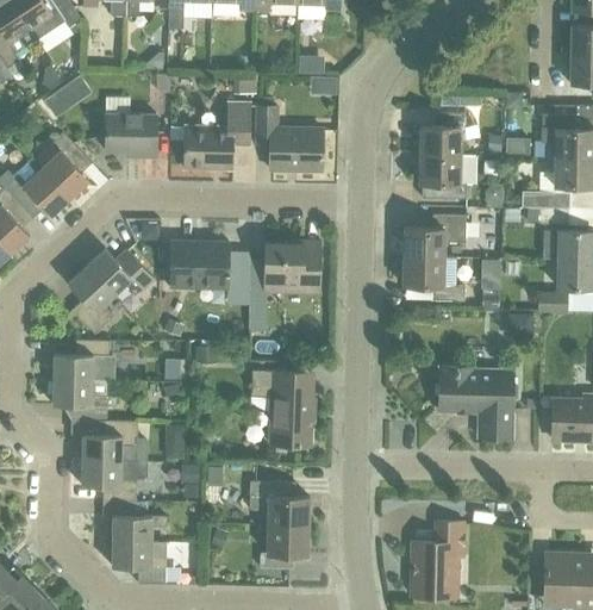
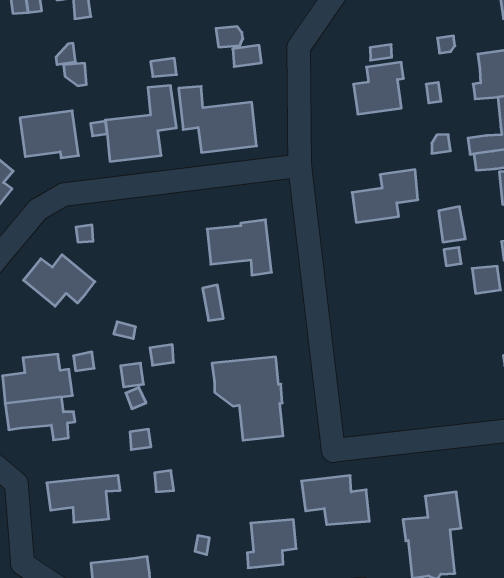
building: [420,155,473,199] -> none
building: [170,241,251,305] -> none
building: [406,256,467,300] -> none
building: [68,267,114,334] -> none
building: [436,369,513,440] -> none
building: [82,421,150,462] -> none
building: [250,480,310,527] -> [301,476,369,525]
building: [113,502,167,542] -> none

